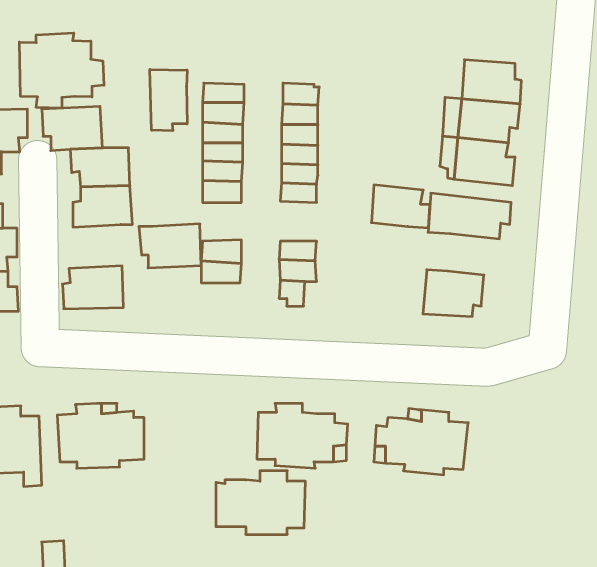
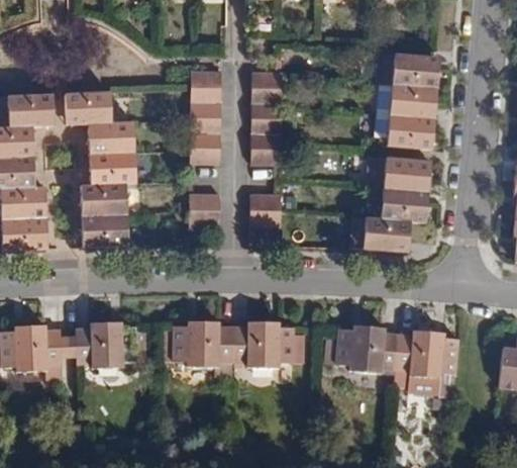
building: [19,33,104,108] -> none
building: [150,69,187,131] -> none
building: [371,185,430,228] -> [381,188,426,221]
building: [139,224,201,268] -> [79,181,127,215]
building: none -> [393,330,459,381]
building: [216,471,305,534] -> [164,319,233,369]

